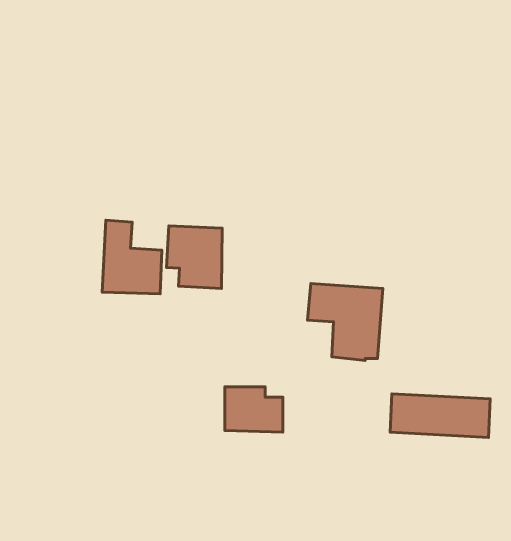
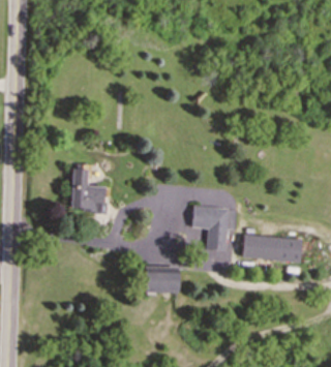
building: [167,226,222,288] -> none
building: [390,394,490,438] -> [243,236,302,262]

